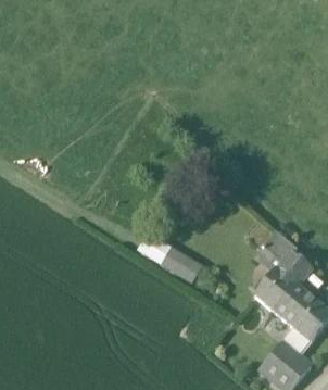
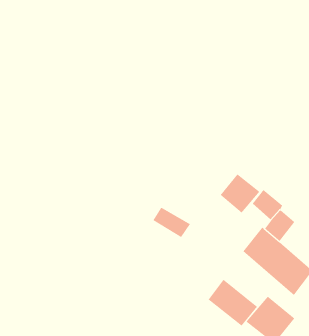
building: none -> [220,173,260,213]
building: none -> [208,279,258,327]

